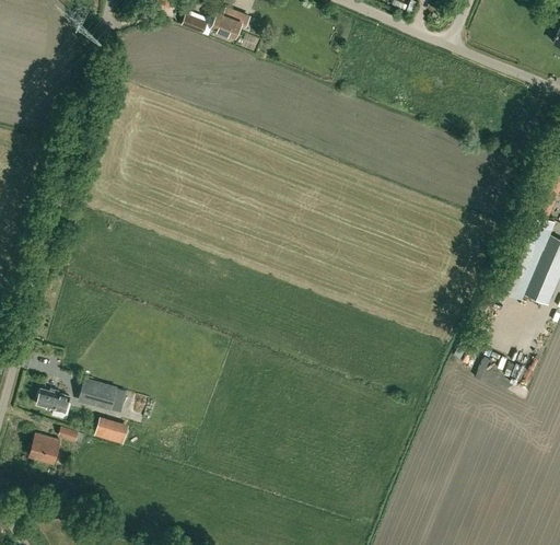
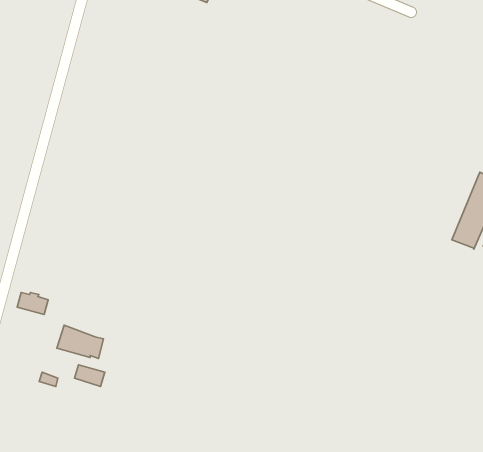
building: [37,390,70,413] -> [17,293,48,314]
building: [30,434,61,464] -> none

